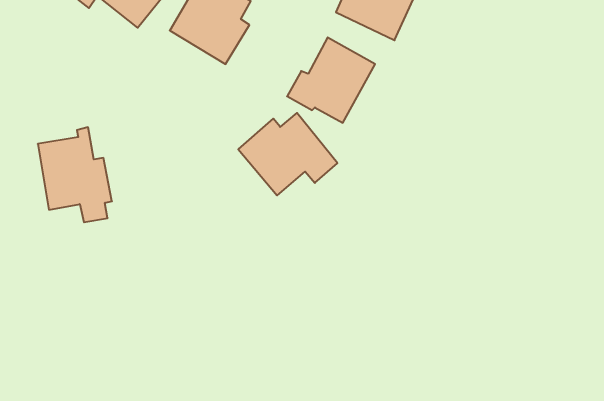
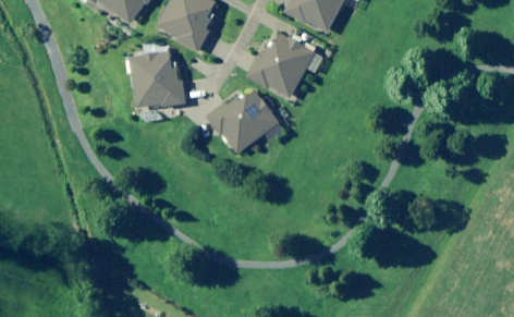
building: [38,127,112,222] -> [128,44,186,118]

